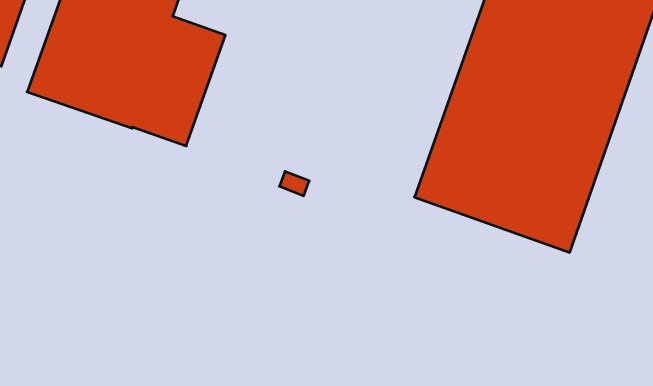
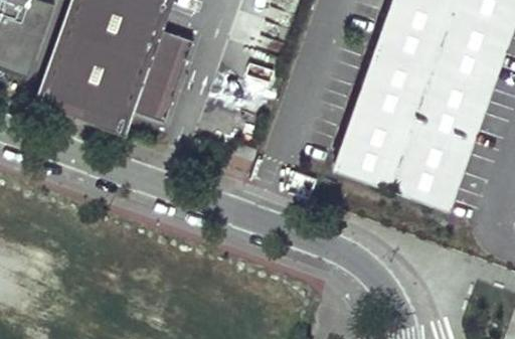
building: none -> [39,86,124,132]

